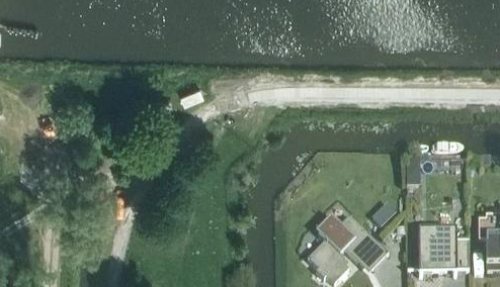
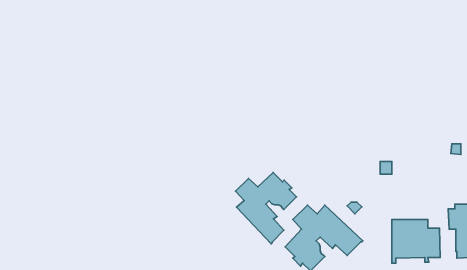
building: none -> [236,173,297,244]

